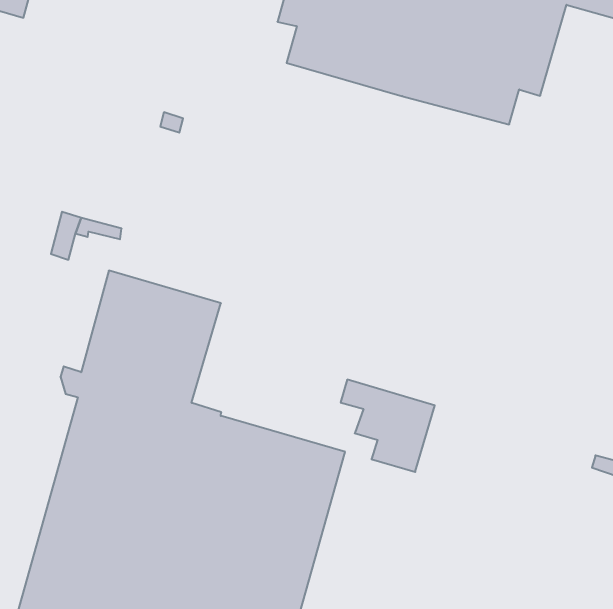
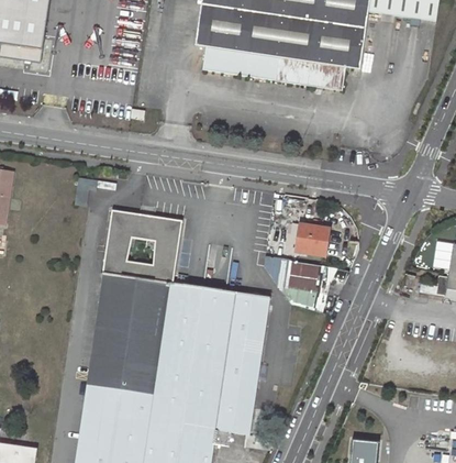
building: none -> [297,224,327,254]

